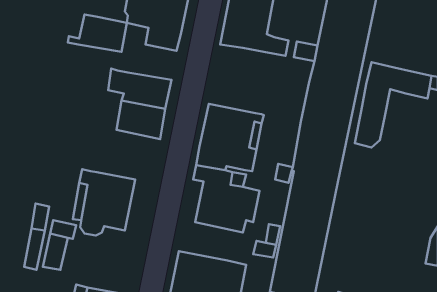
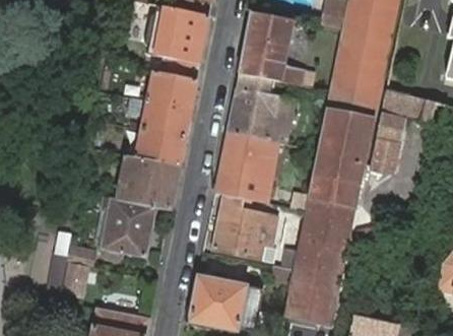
building: [68,14,127,52] -> [138,71,196,108]
building: none -> [228,73,293,141]
building: none -> [118,154,180,209]

